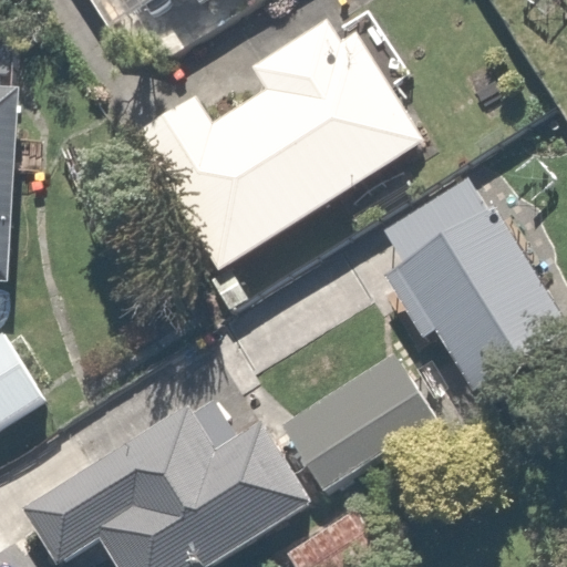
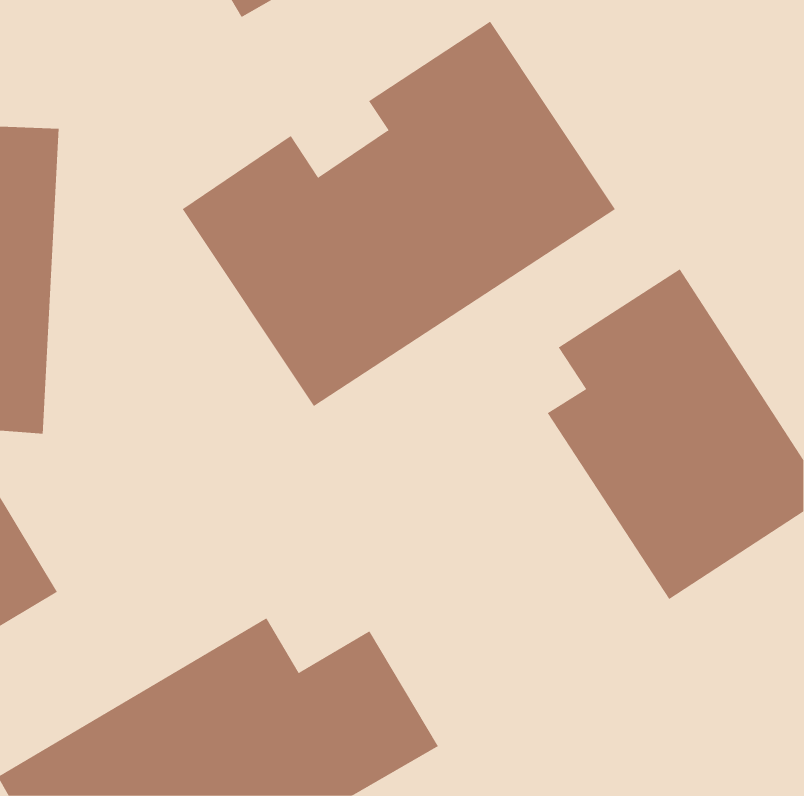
building: [285,367,424,486] -> none

